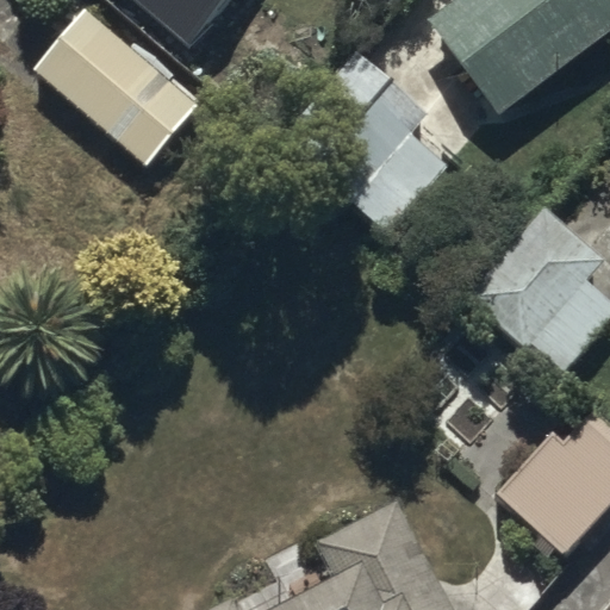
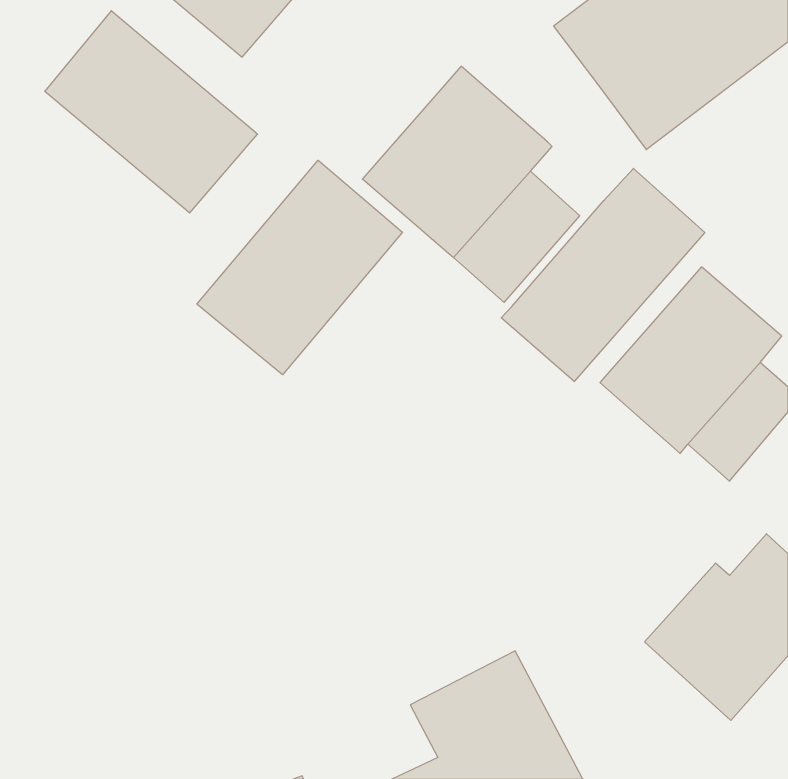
building: none -> [197,160,403,375]
building: none -> [501,168,705,381]

